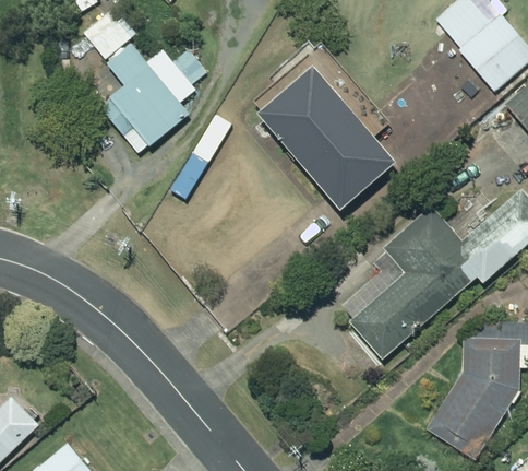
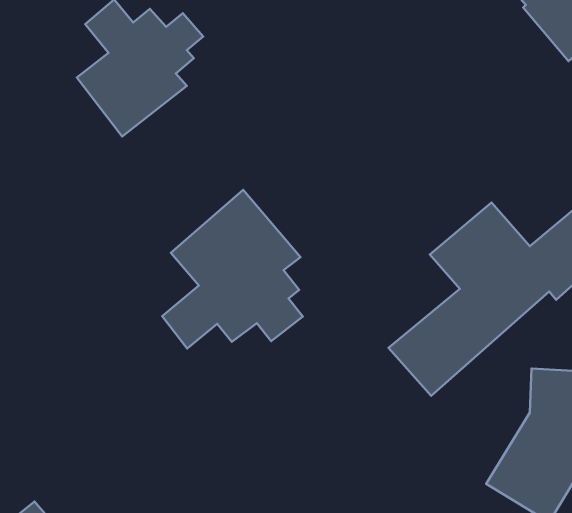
building: [261,63,399,209] -> none
building: none -> [162,190,303,349]

